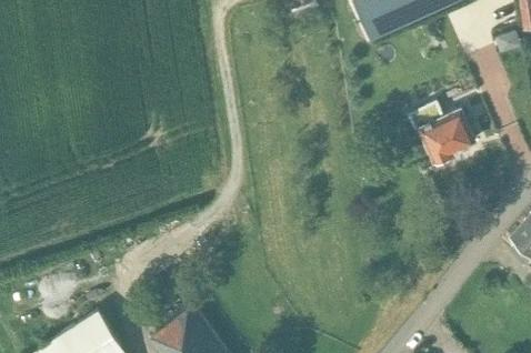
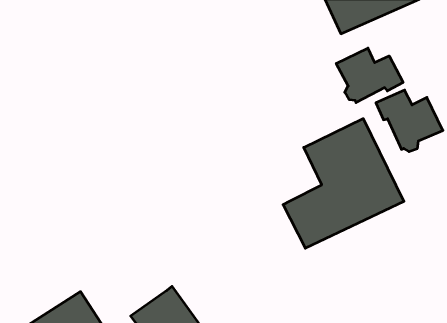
building: none -> [336,48,403,103]
building: none -> [283,119,404,248]

